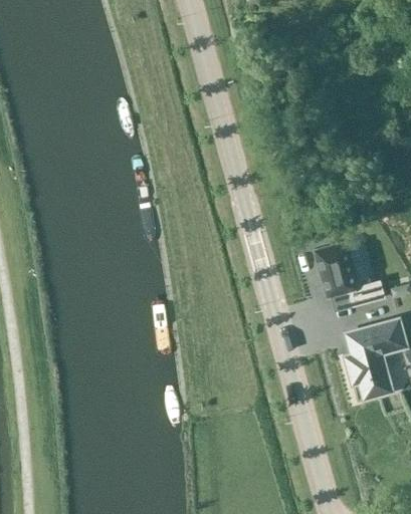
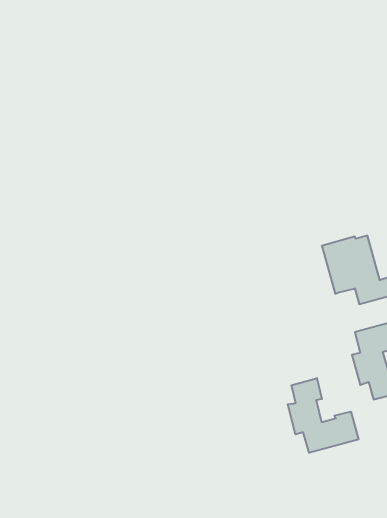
building: none -> [288,378,359,453]

